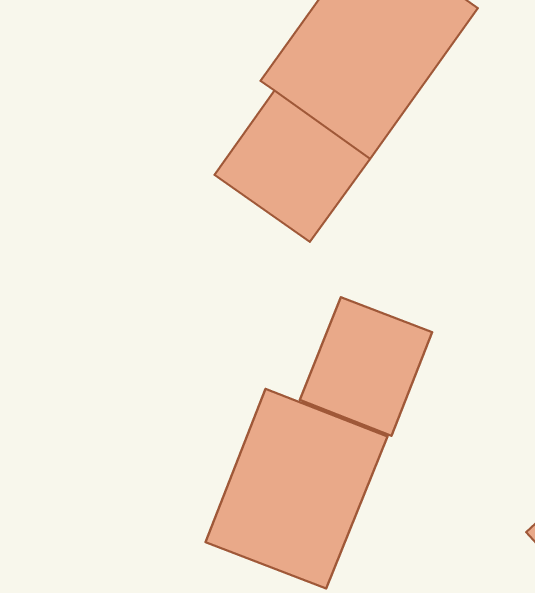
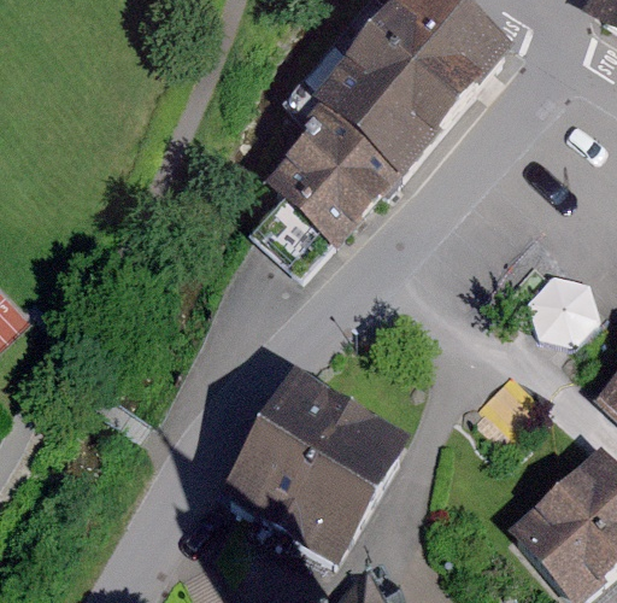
building: [300,297,432,436] -> none

